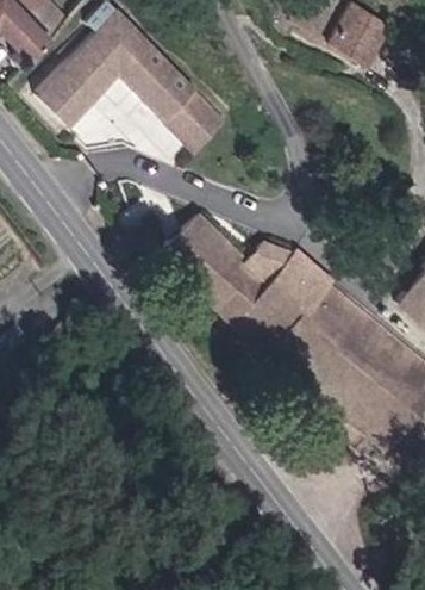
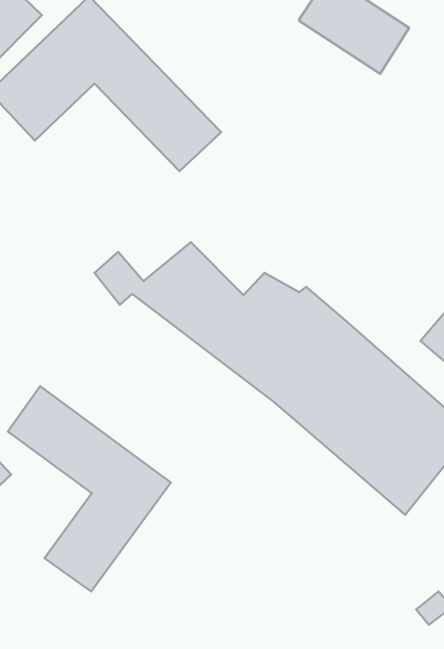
building: none -> [8,386,171,591]

